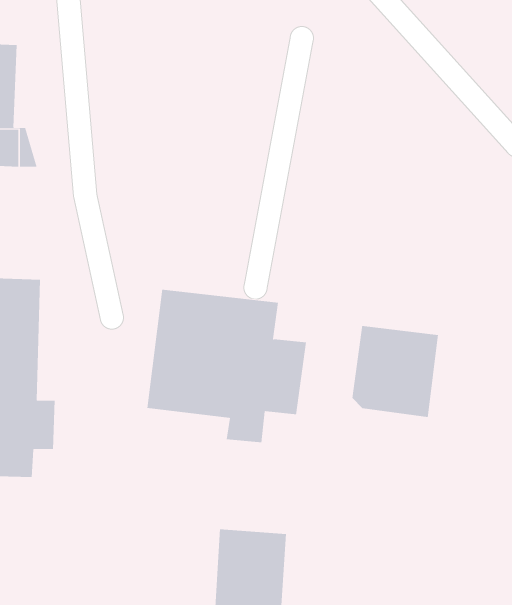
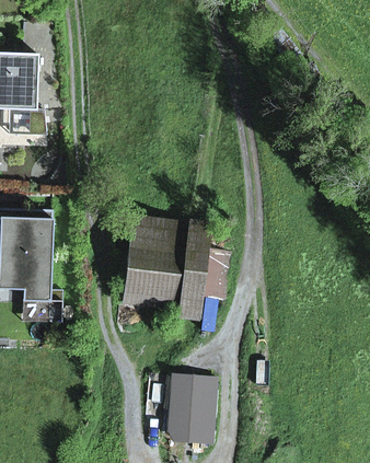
building: [352,325,438,418] -> none

